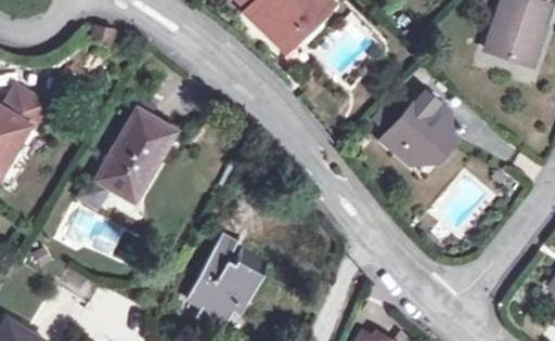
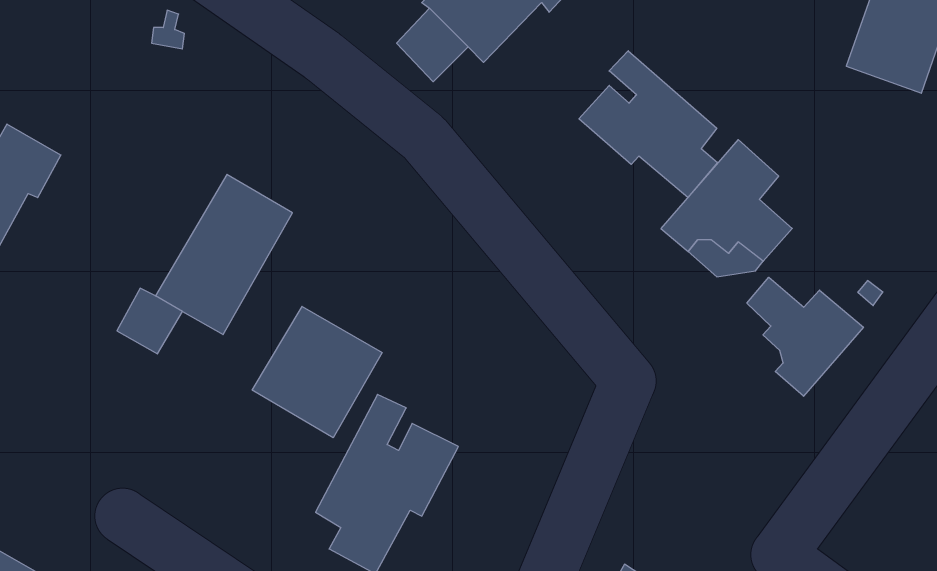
building: none -> [579,51,718,197]
building: none -> [747,277,863,396]
building: none -> [252,306,382,438]

